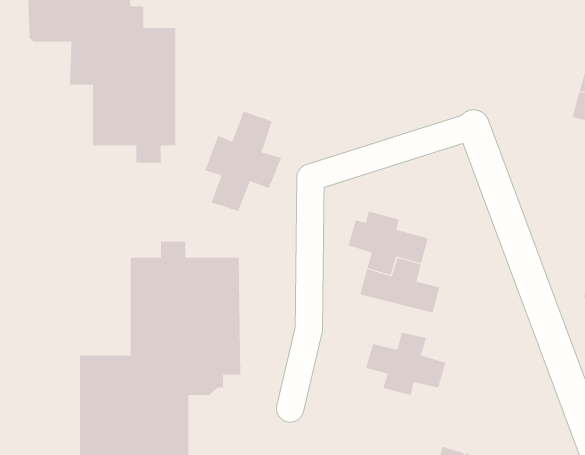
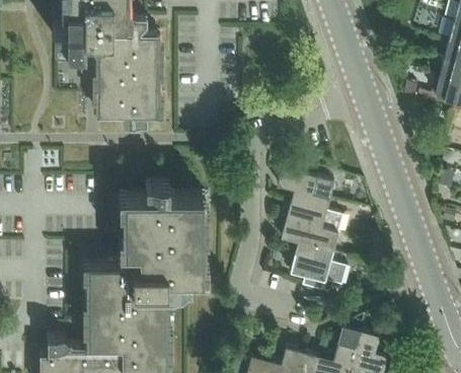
building: [204,111,282,212] -> none
building: none -> [282,221,337,259]

